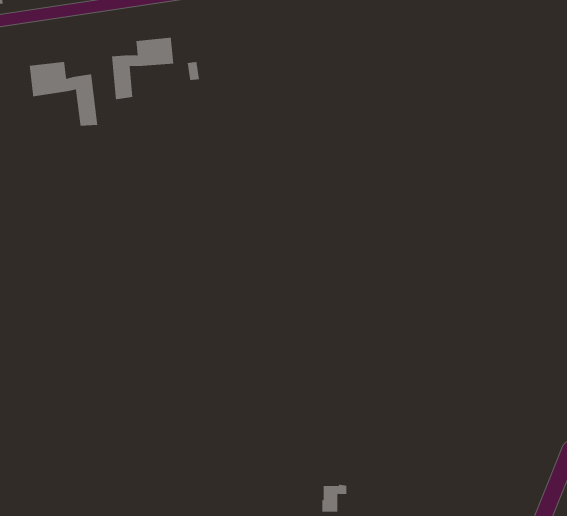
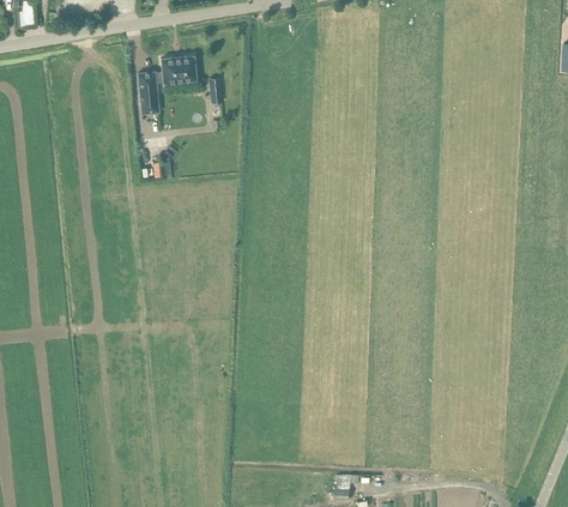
building: [29,61,98,127] -> none

